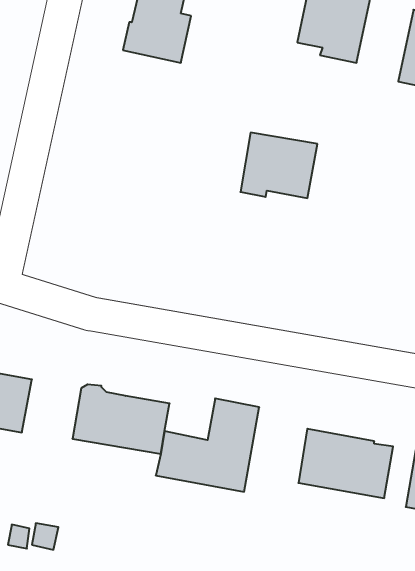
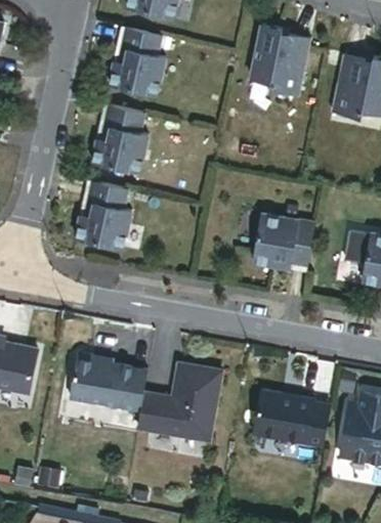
building: none -> [92,104,147,172]
building: [240,133,317,198] -> [252,214,314,267]
building: none -> [76,180,132,249]

